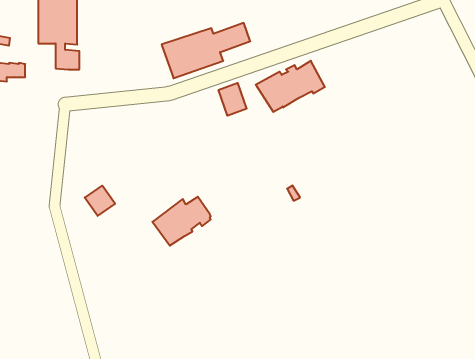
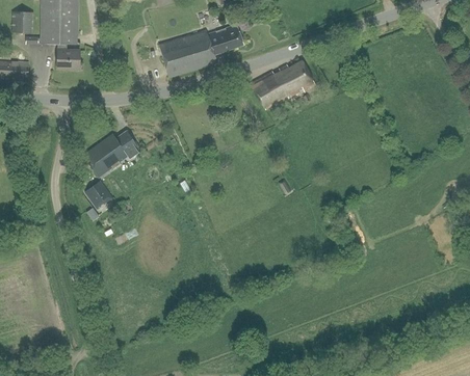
building: none -> [8,10,34,33]
building: [219,83,247,116] -> none
building: [152,197,211,246] -> [83,131,139,178]

